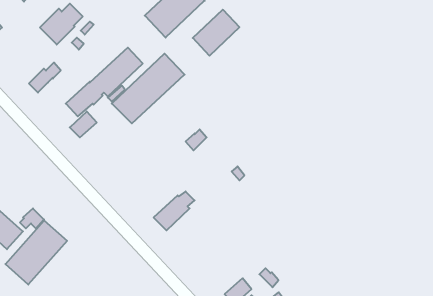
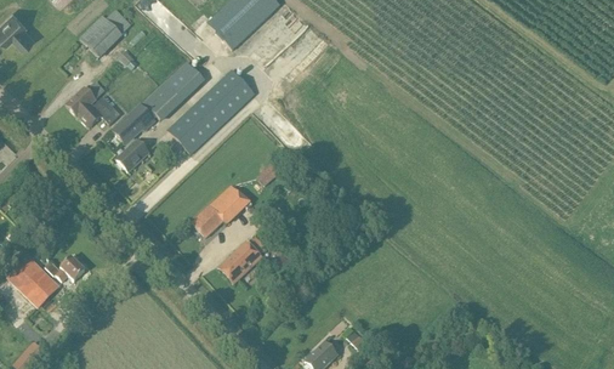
building: [193,10,239,56] -> none
building: none -> [76,97,120,129]
building: none -> [191,186,251,238]
building: [5,220,67,285] -> none

